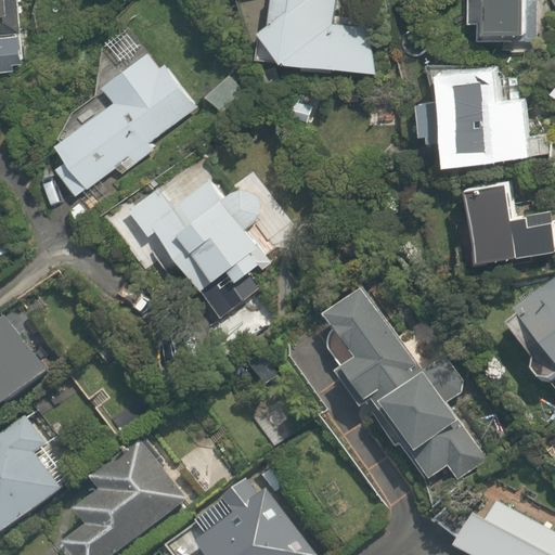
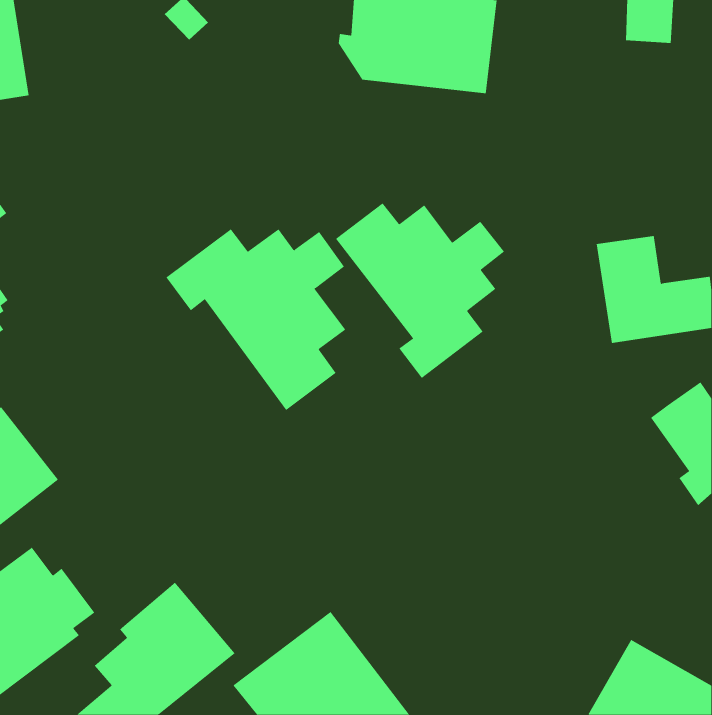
building: [53,50,192,196] -> none
building: [418,70,540,158] -> none
building: none -> [335,203,505,379]
building: [320,296,486,486] -> none

